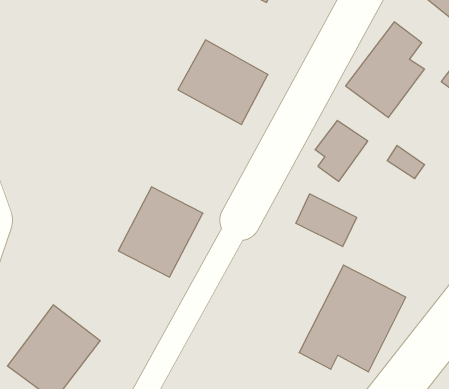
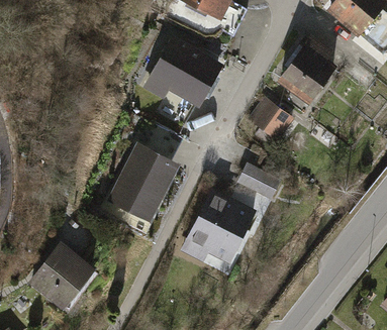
building: [299,265,406,372] -> [182,185,260,262]

